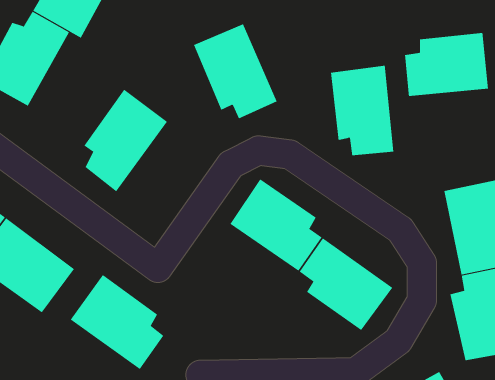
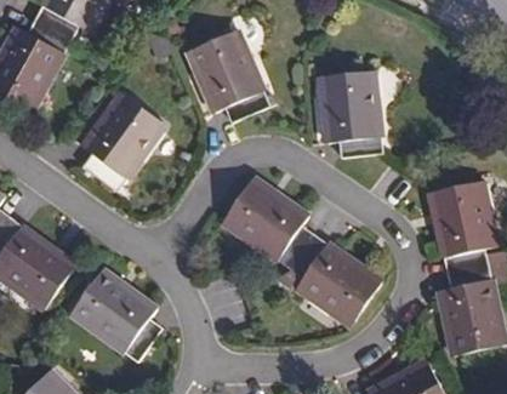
building: [405,32,488,97] -> none

